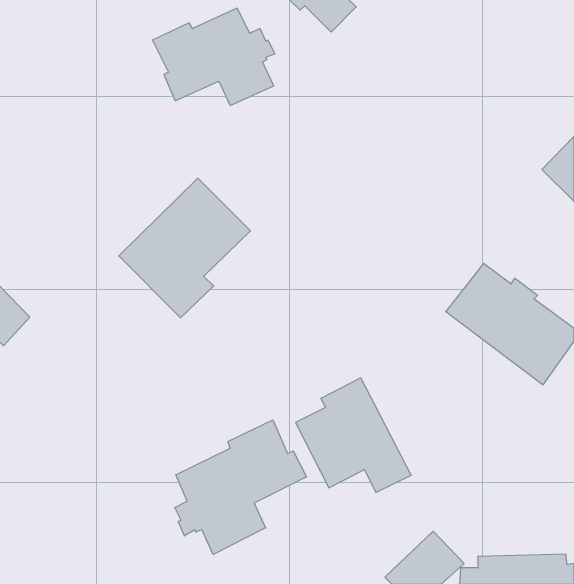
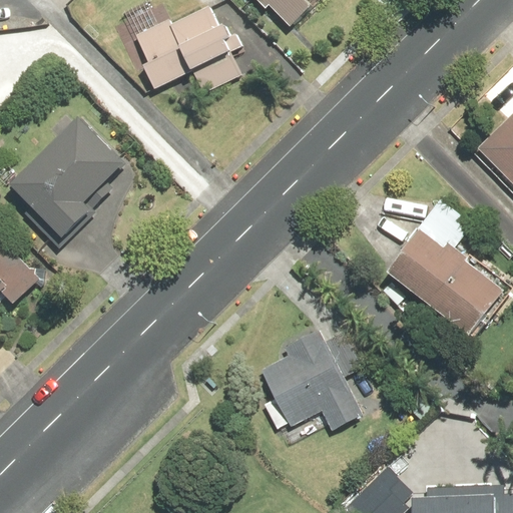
building: [119,178,250,318] -> [11,117,126,239]
building: [175,420,307,554] -> none

